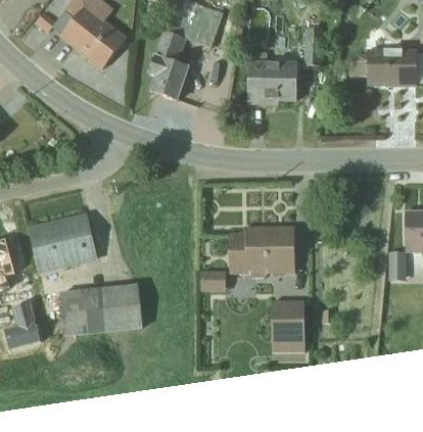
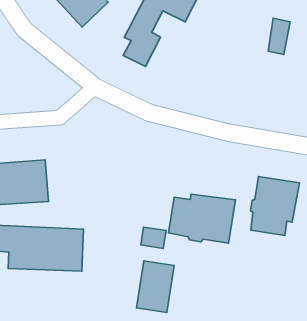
building: [248,51,294,102] -> none
building: none -> [250,176,299,236]
building: [272,300,304,351] -> [137,261,174,312]

